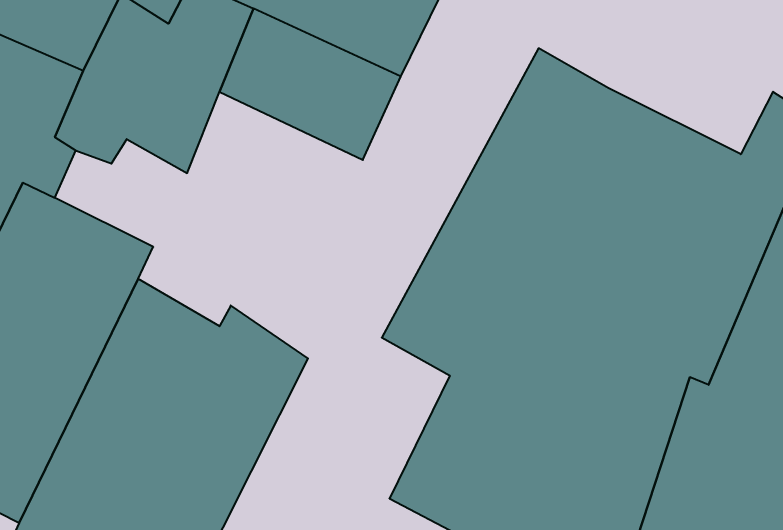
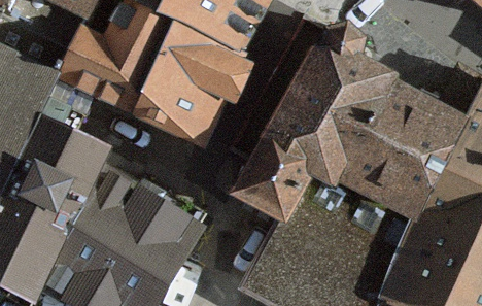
building: none -> [136,65,232,149]

